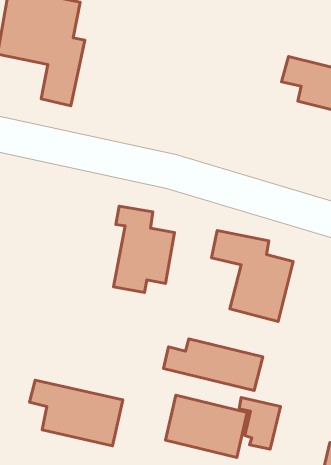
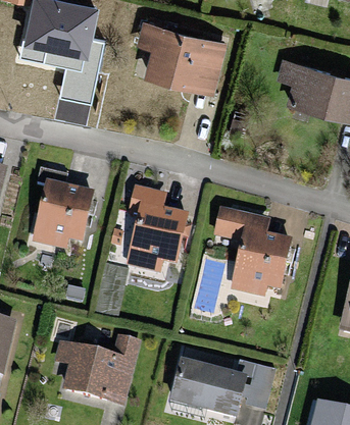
building: none -> [135,20,224,89]
building: none -> [36,182,91,242]
building: [164,339,263,391] -> none

